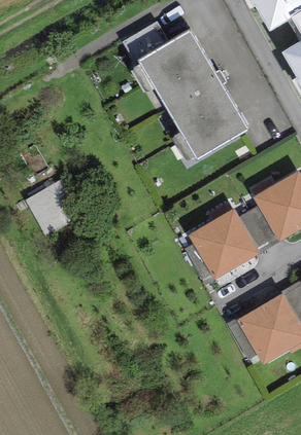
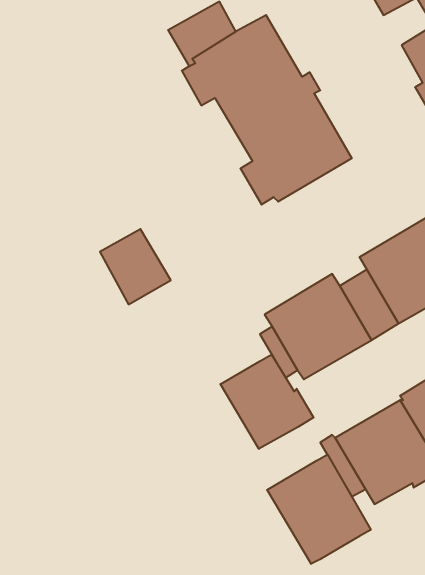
building: [28,181,76,232] -> [100,229,171,304]
building: none -> [220,354,314,449]
building: none -> [267,455,371,564]

